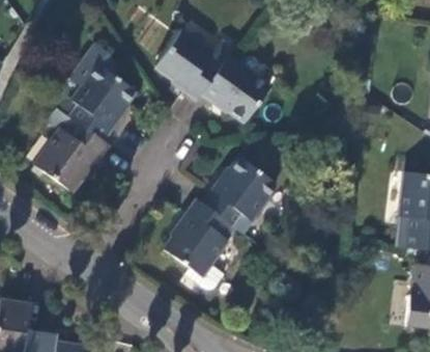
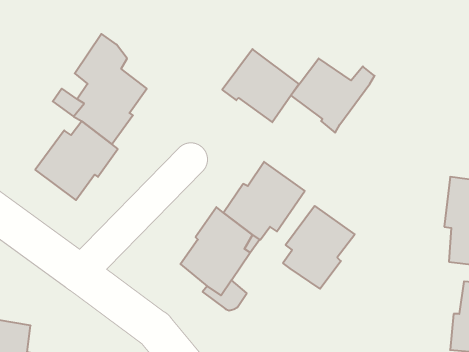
building: [159,34,233,101] -> [291,58,375,133]
building: none -> [283,206,355,289]

